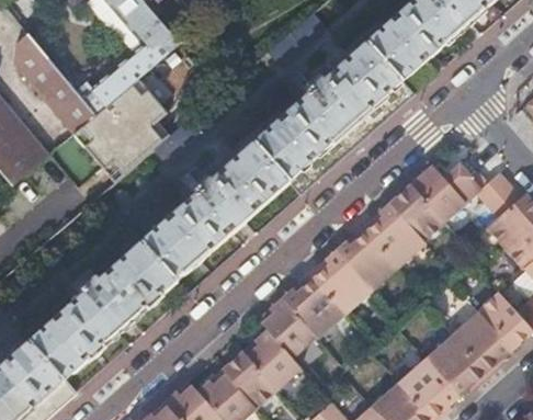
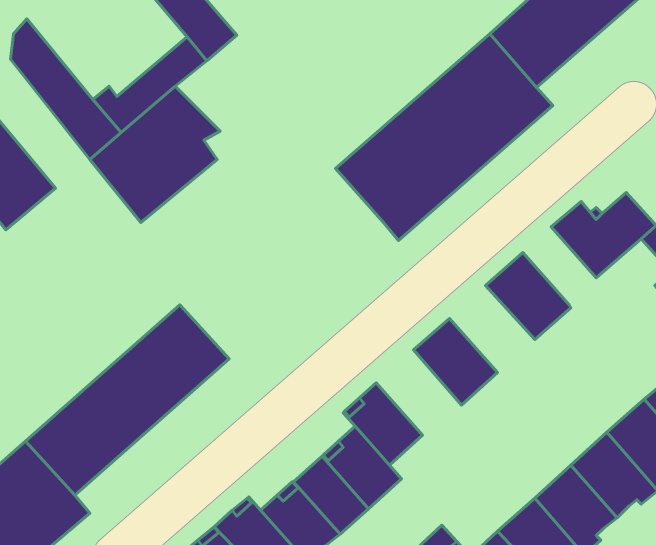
building: [138,141,287,281] -> none
building: [389,184,444,241] -> none
building: [336,227,398,291] -> none
building: [282,274,344,339] -> none

